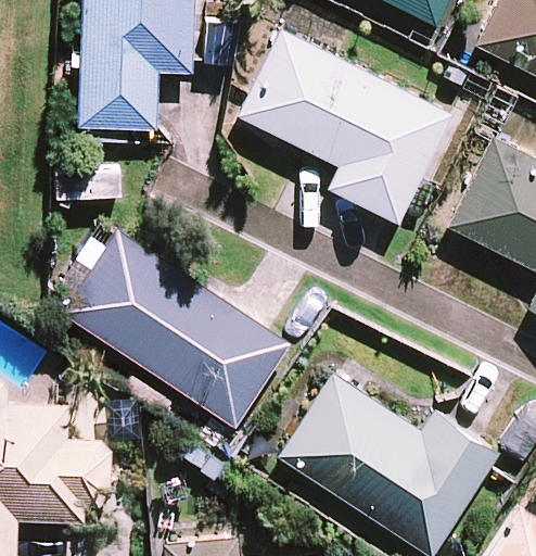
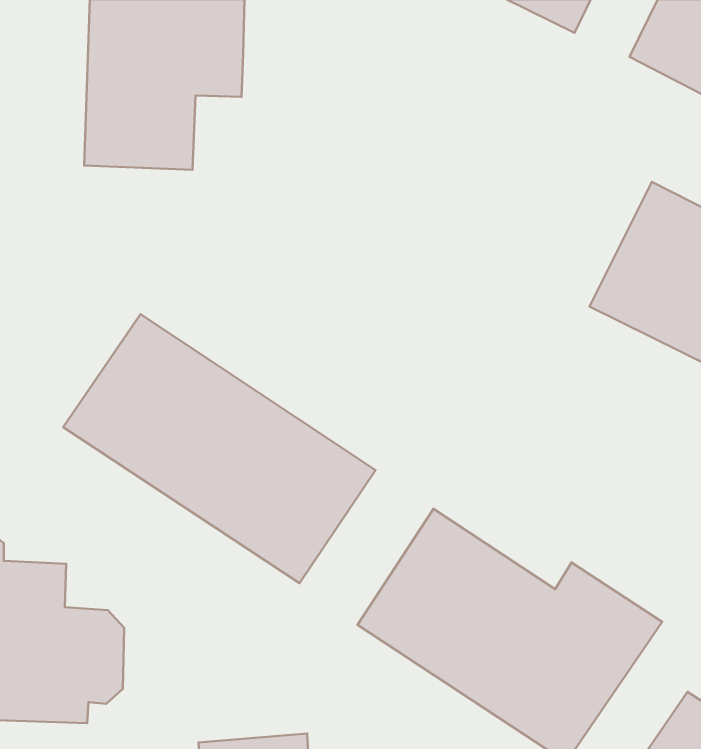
building: [239,27,452,222] -> none

